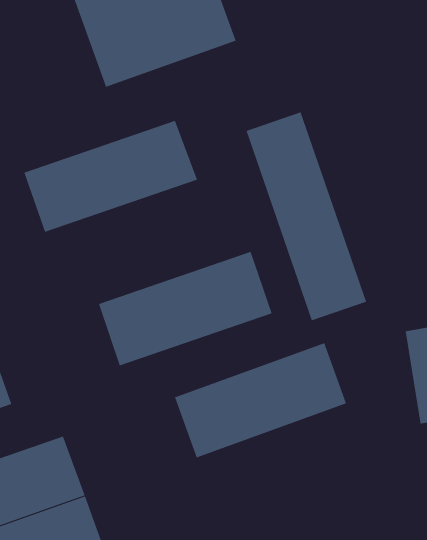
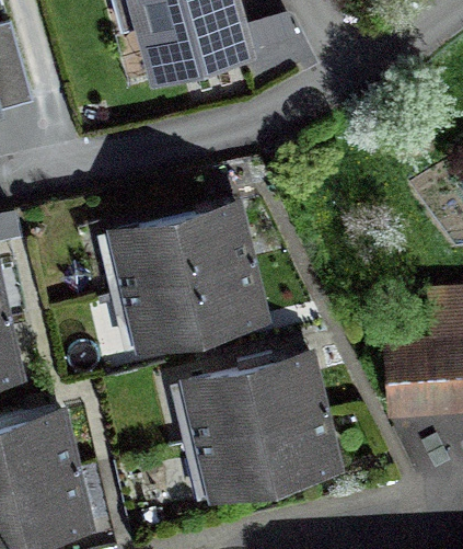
building: [246,112,367,321] -> none
building: [24,120,198,233] -> [102,203,261,293]
building: none -> [189,409,347,501]

